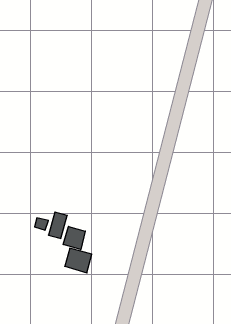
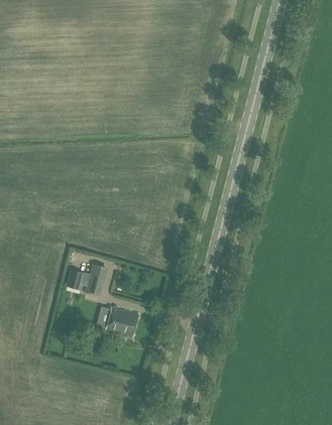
building: [63,226,85,250] -> none

